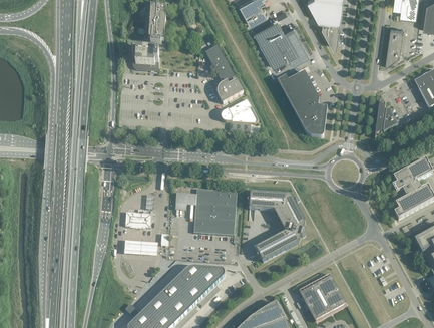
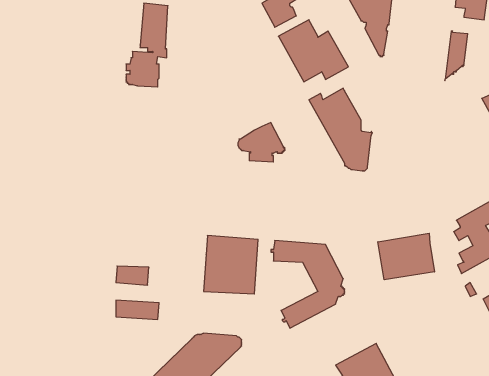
building: [204,44,243,102] -> none
building: [374,99,397,136] -> none
building: none -> [378,233,434,280]

